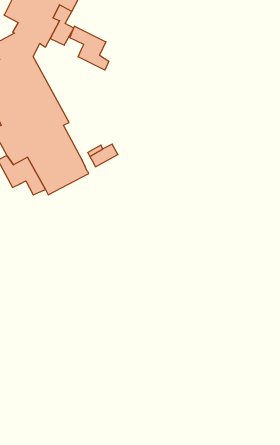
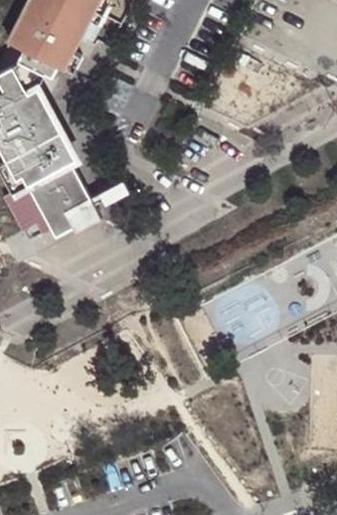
building: [70,26,109,70] -> none

